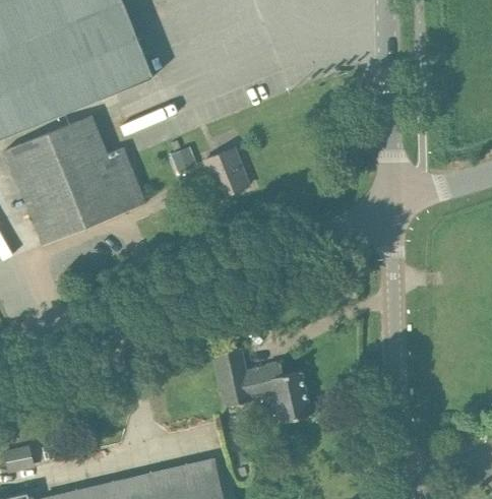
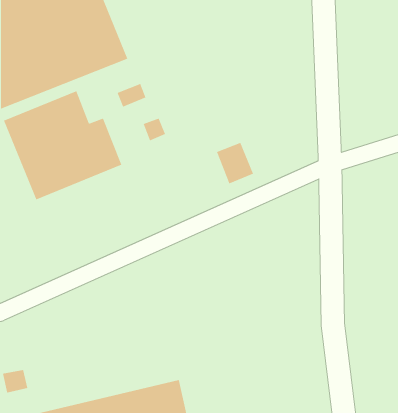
building: none -> [117,83,146,108]
building: [203,147,248,197] -> [216,142,254,184]
building: [216,346,311,420] -> none

